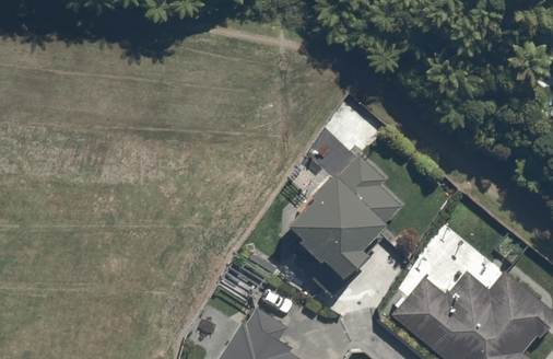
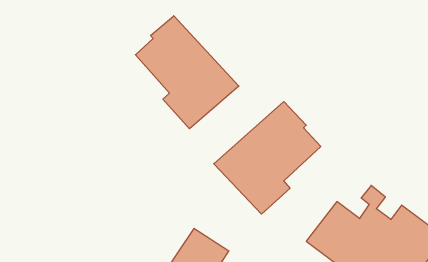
building: none -> [135,16,239,129]

